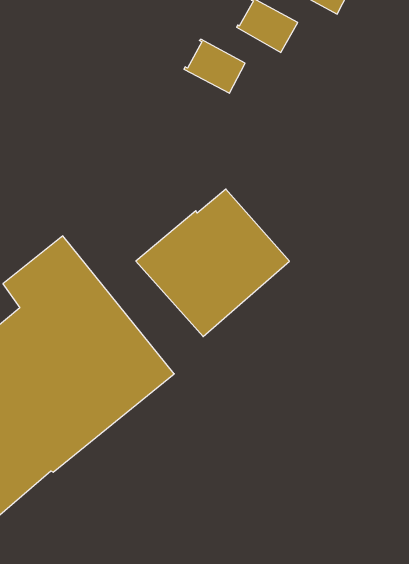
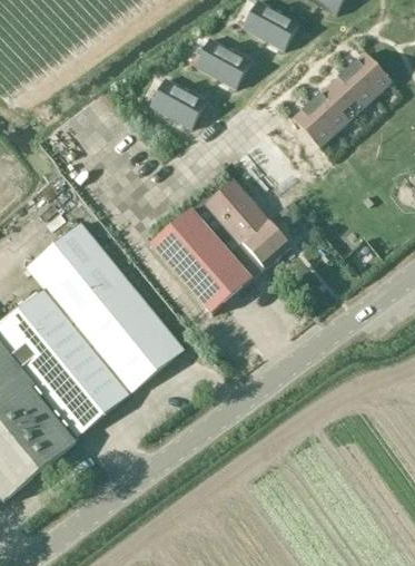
building: none -> [292,50,392,148]
building: none -> [149,78,207,129]

